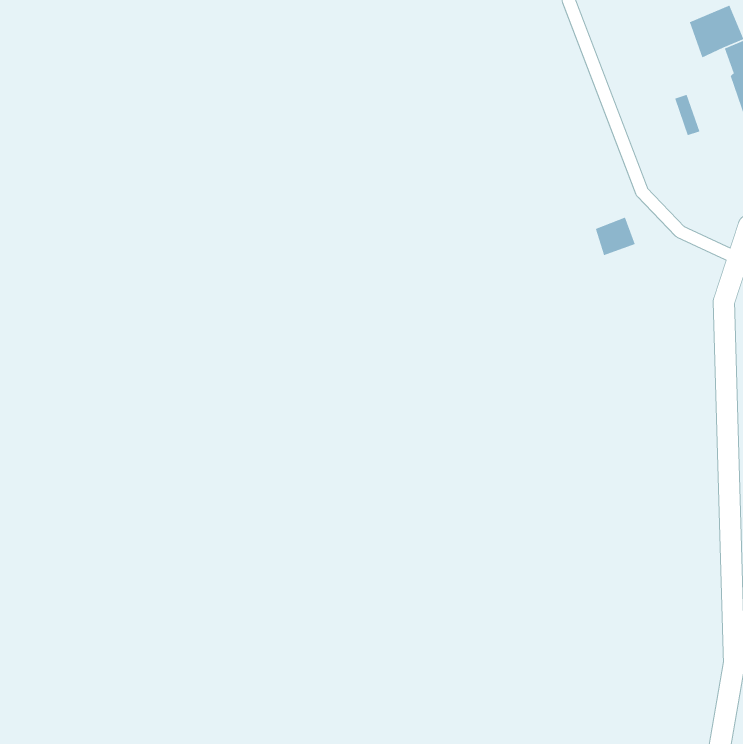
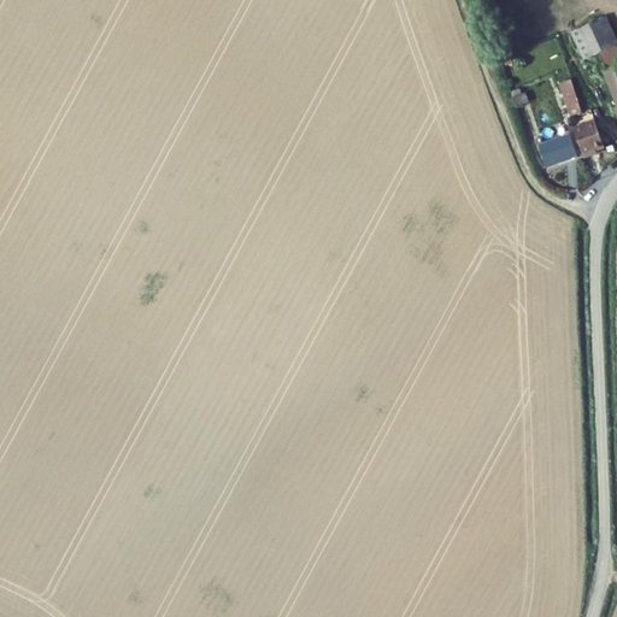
building: none -> [574,119,605,157]
building: [595,217,636,256] -> [543,133,577,165]

